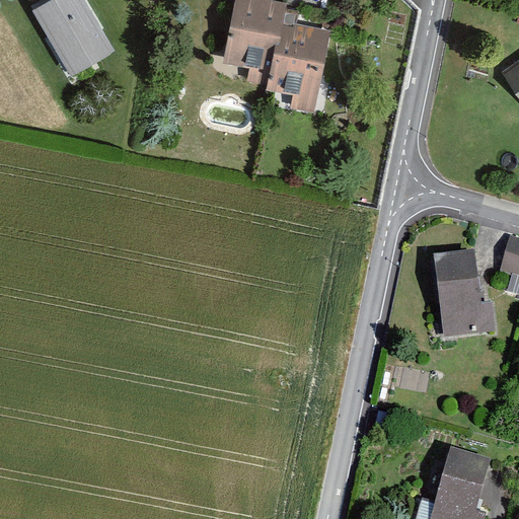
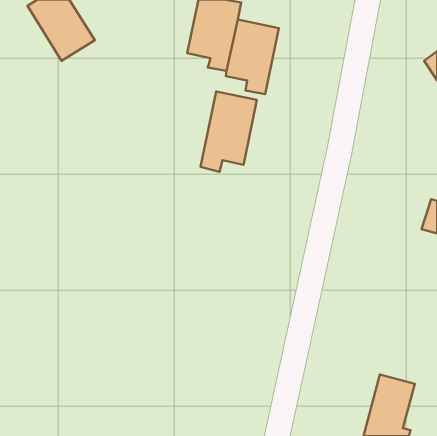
building: none -> [200,91,257,172]
building: [433,256,496,341] -> none

